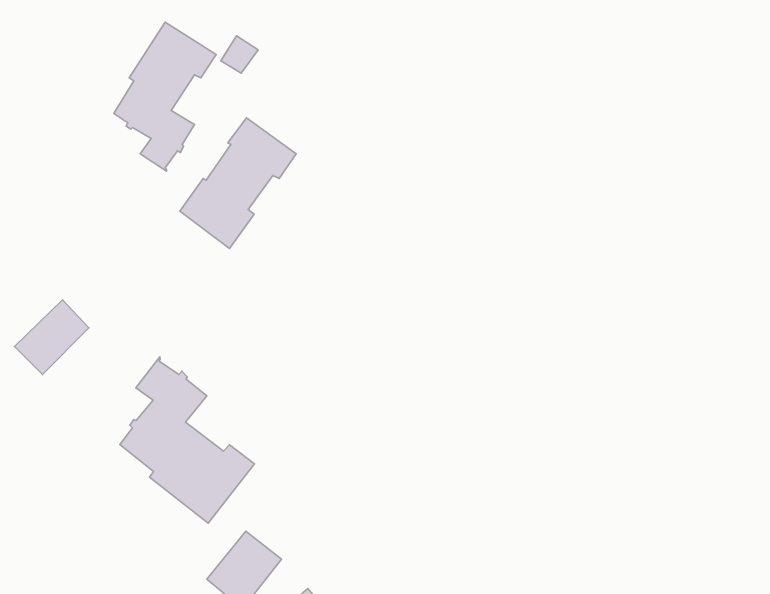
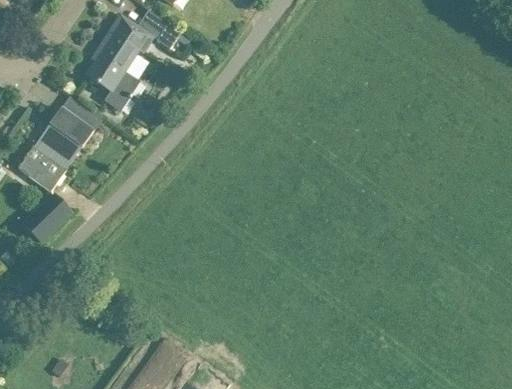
building: [180,118,296,248] -> [18,108,93,192]
building: [120,357,255,523] -> none

